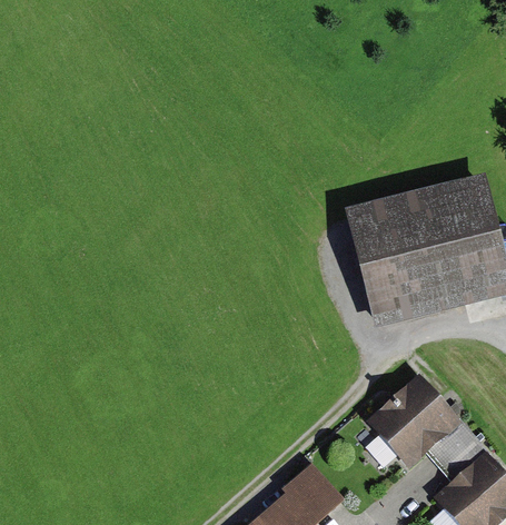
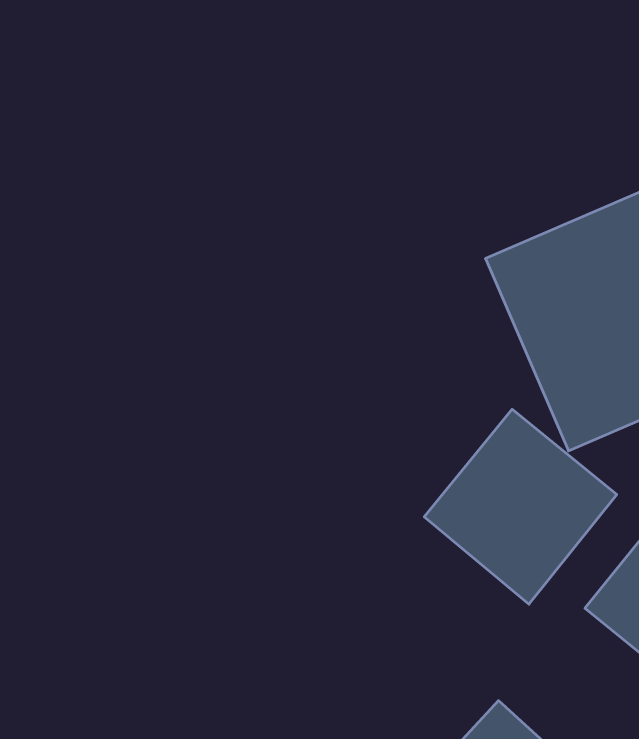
building: none -> [424,409,617,604]

